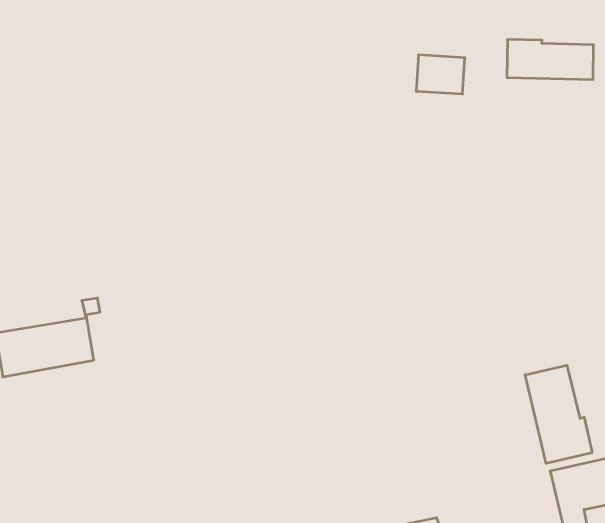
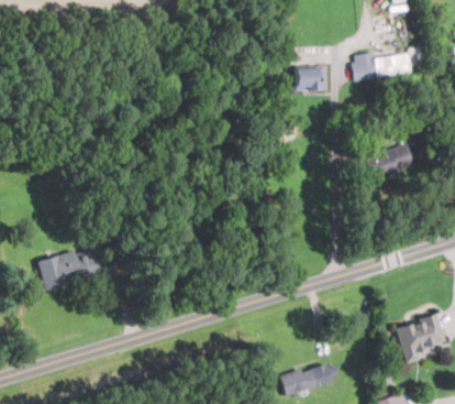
building: none -> [364,143,414,183]
building: [525,365,592,463] -> none

